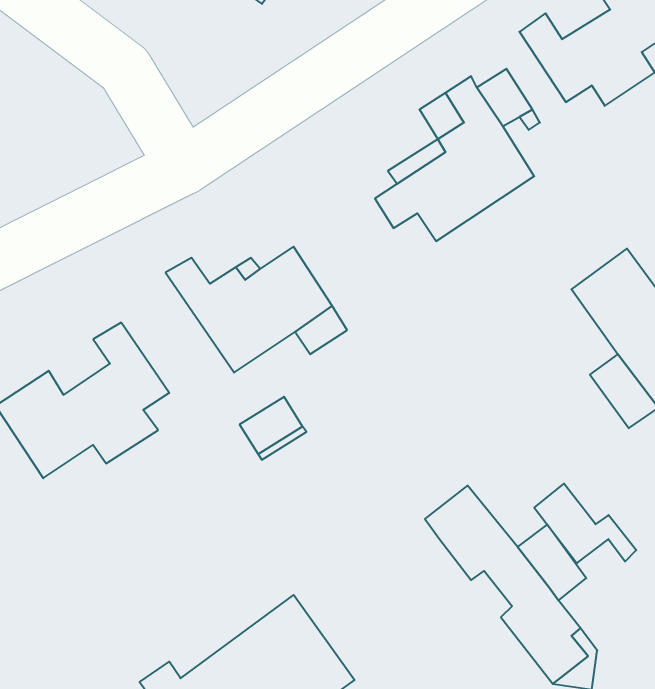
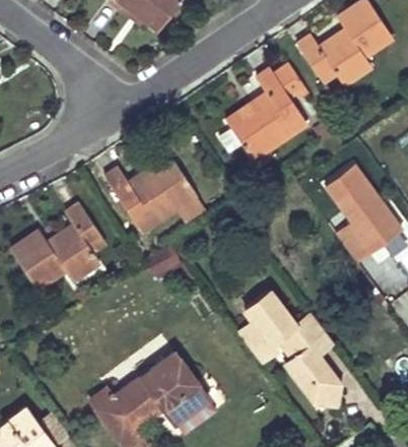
building: [534,484,636,563] -> [237,322,293,366]

